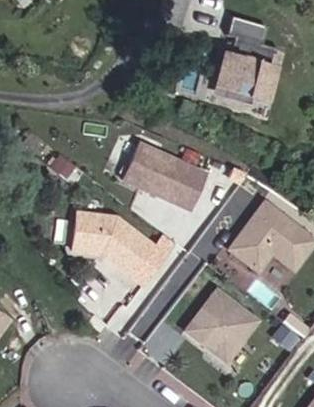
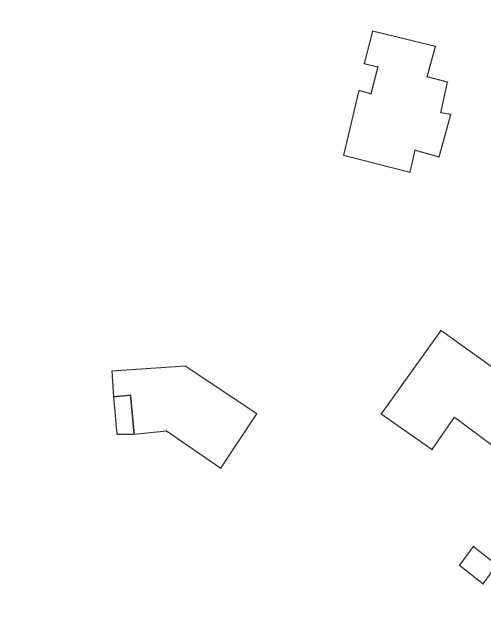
building: [122,145,204,209] -> none
building: [190,286,261,360] -> none

